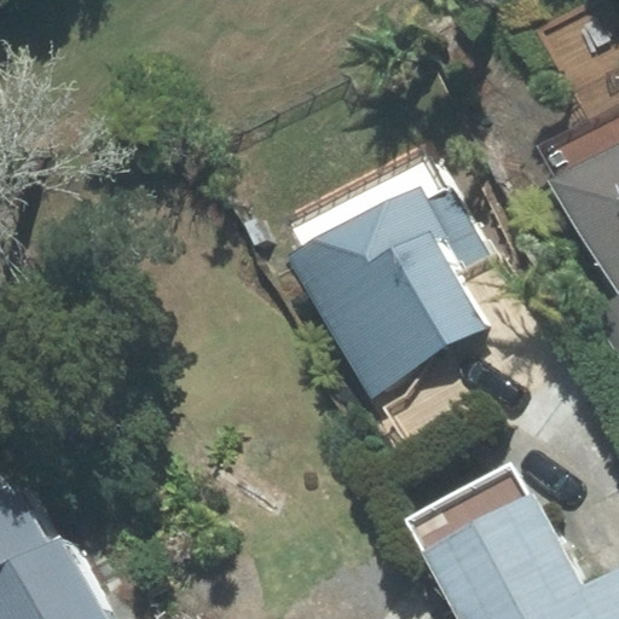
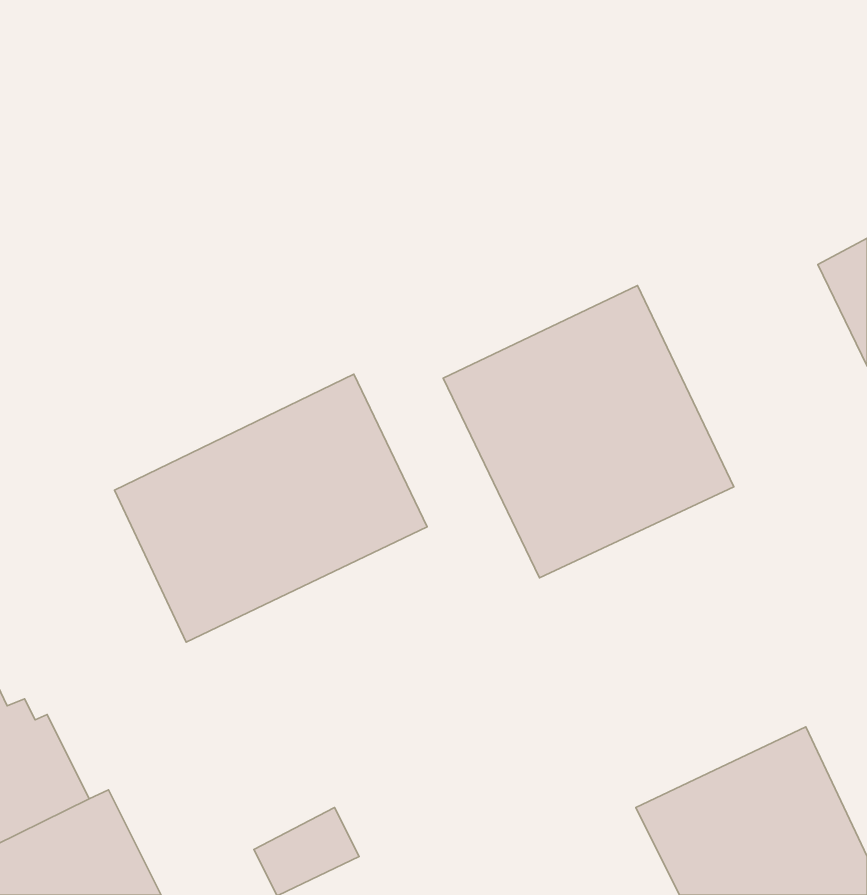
building: none -> [114,374,427,642]

